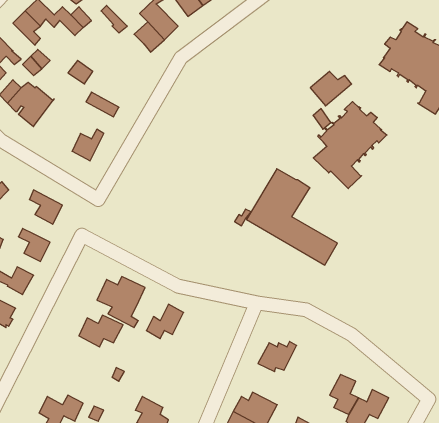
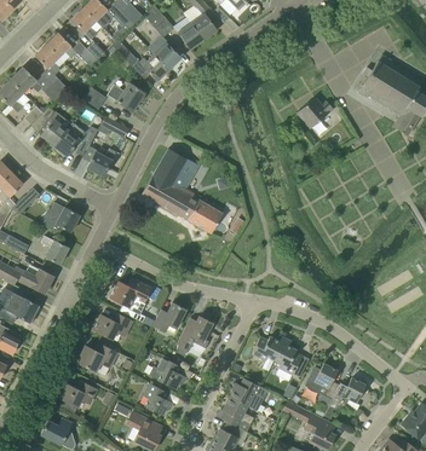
building: none -> [108,83,145,112]
building: none -> [54,122,98,156]
building: [313,102,387,189] -> none
building: [247,169,337,265] -> [143,149,223,233]
building: none -> [178,317,213,351]
building: none -> [275,339,303,375]
building: none -> [77,342,119,377]
building: none -> [149,358,186,389]

